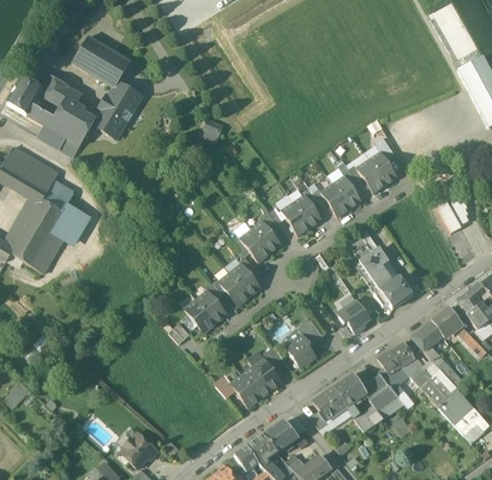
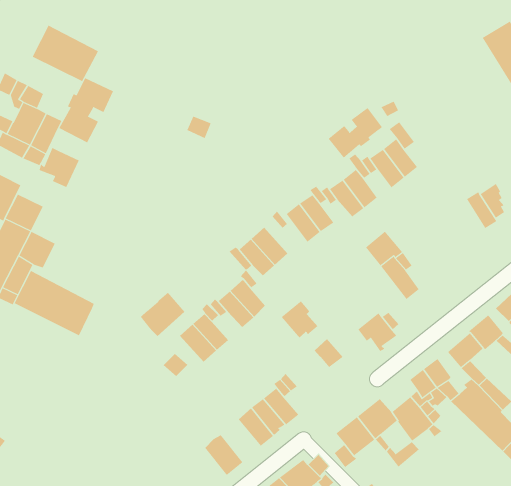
building: none -> [328,107,383,158]
building: none -> [39,147,79,188]
building: none -> [14,270,95,336]
building: none -> [140,292,185,337]
building: [374,276,413,308] -> none
building: [286,334,317,366] -> [281,300,318,338]
building: none -> [204,435,243,476]

